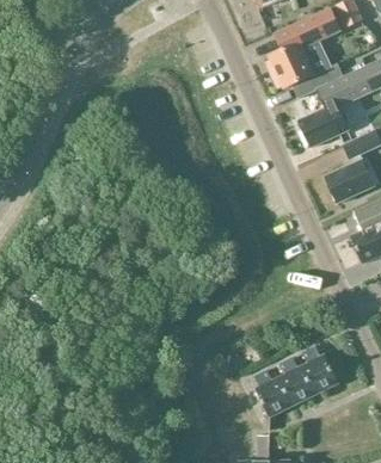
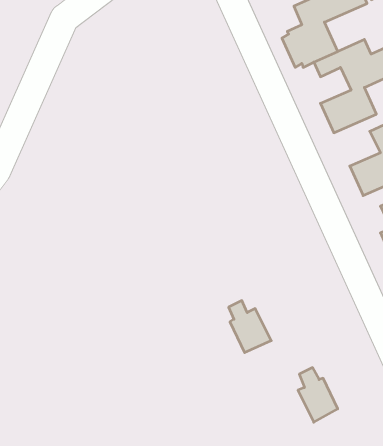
building: [302,345,339,393] -> none
building: [256,369,294,415] -> [229,301,271,353]

